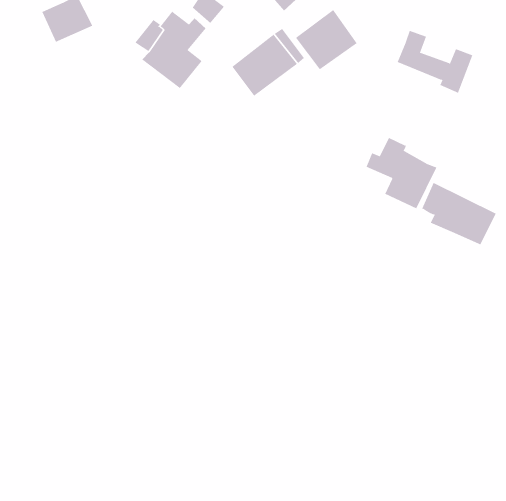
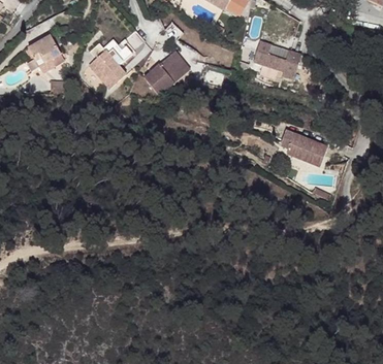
building: [295,9,357,70] -> none
building: [366,137,437,209] -> none

